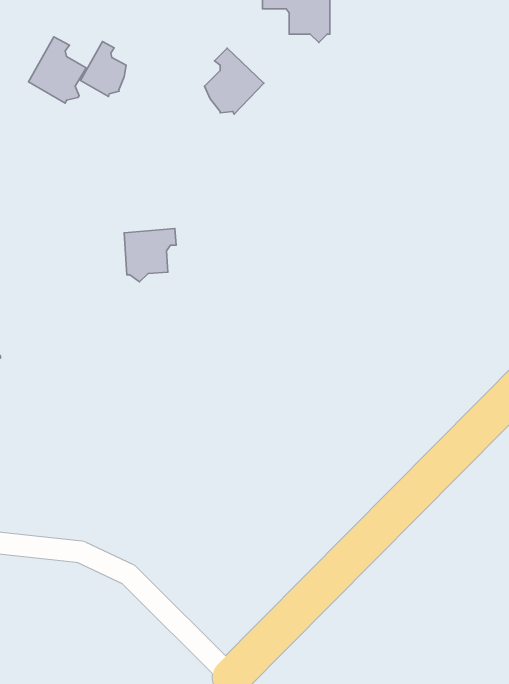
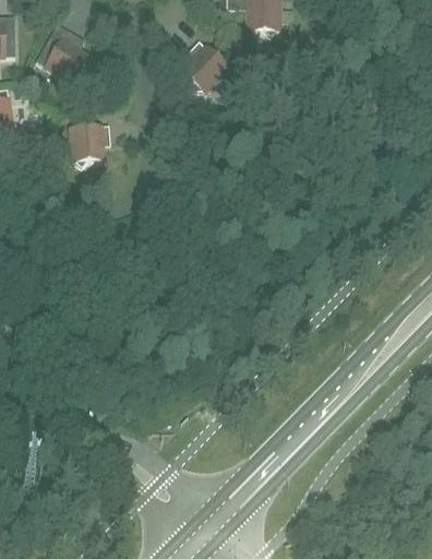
building: [81,42,126,96] -> none
building: [124,228,176,282] -> [70,122,110,164]

